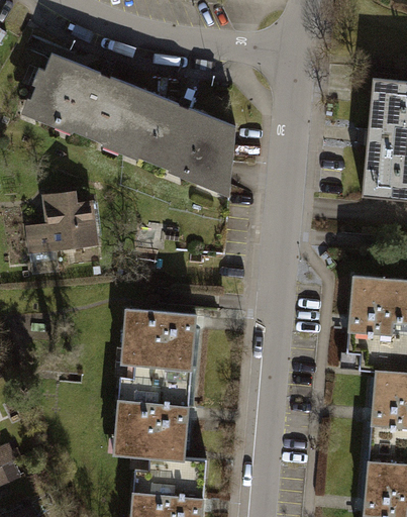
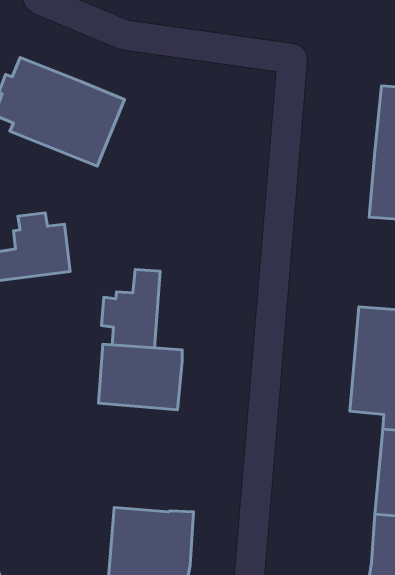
building: [121,91,236,182] -> none
building: none -> [101,269,160,348]
building: [114,361,193,458] -> none

